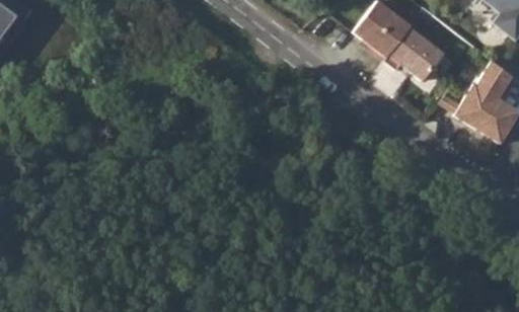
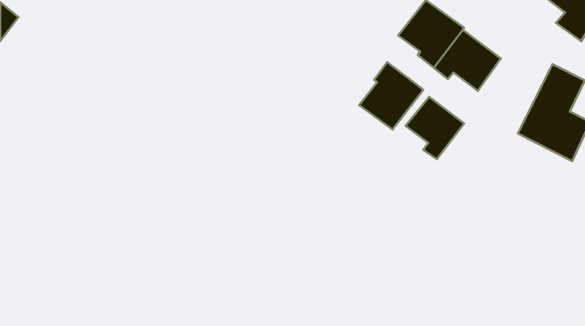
building: none -> [359,62,423,130]
building: none -> [406,97,464,159]

